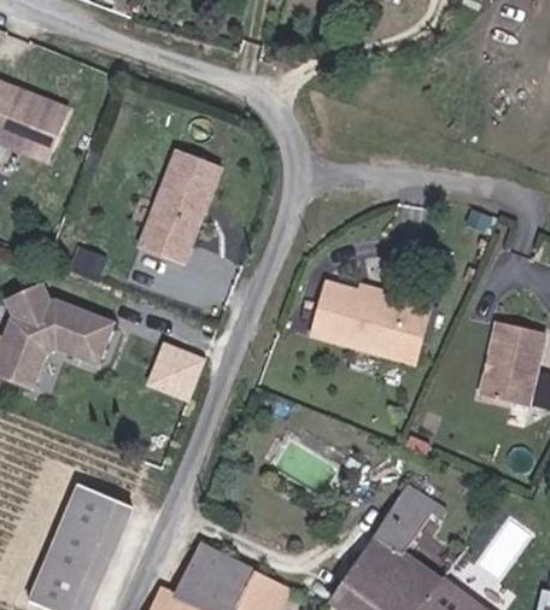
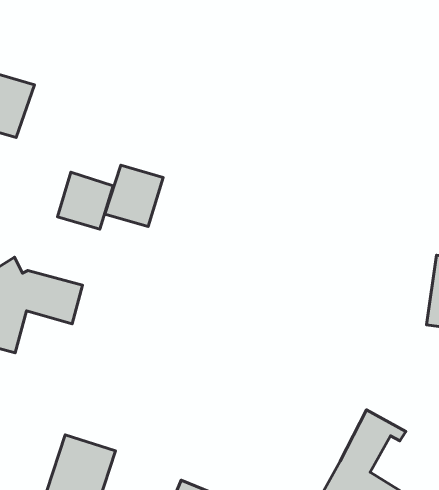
building: [160,151,223,215] -> [58,172,113,229]
building: [311,285,428,363] -> none
building: [148,338,209,399] -> none

